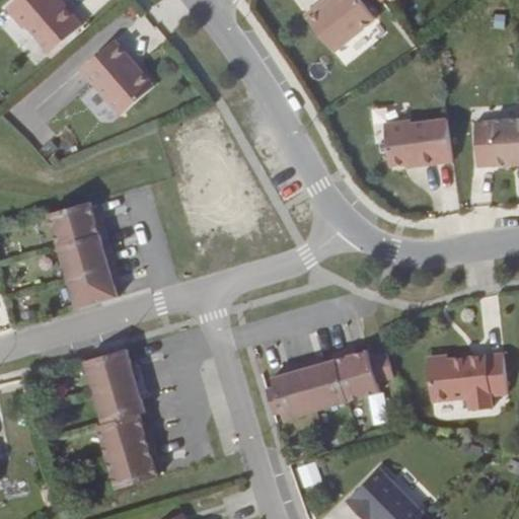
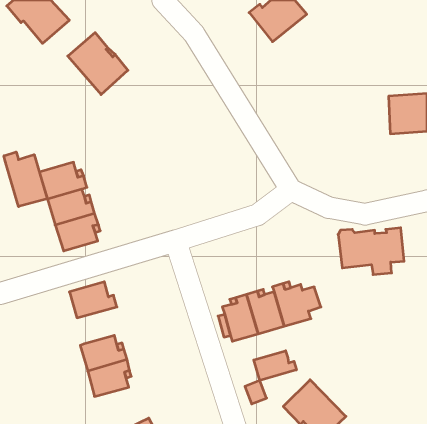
building: [382,123,449,169] -> none
building: none -> [4,152,47,207]
building: [424,352,504,409] -> [338,228,404,275]
building: [93,376,145,421] -> none
building: none -> [254,351,296,381]

